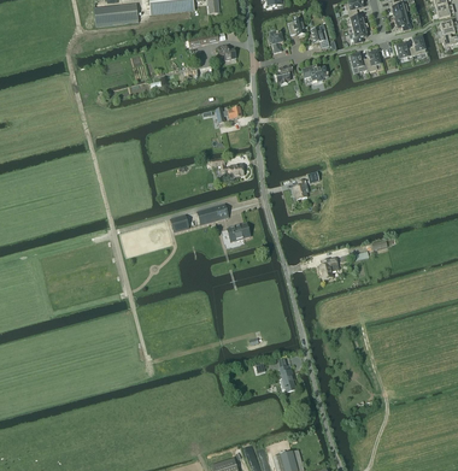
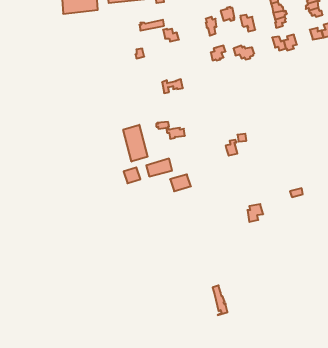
building: none -> [123,125,148,162]

